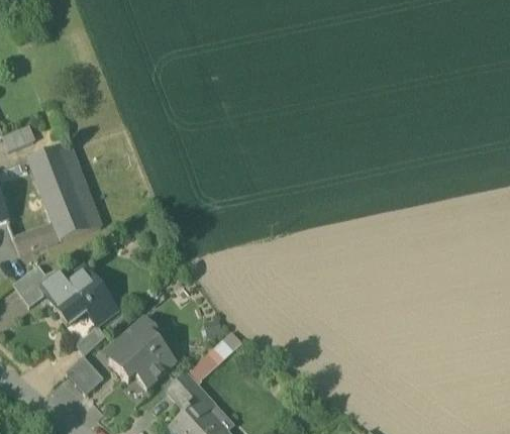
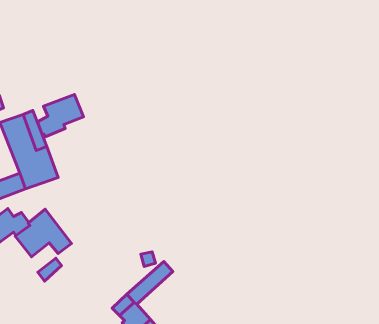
building: none -> [38,94,83,137]
building: [109,317,176,388] -> none
building: [65,355,103,394] -> none

